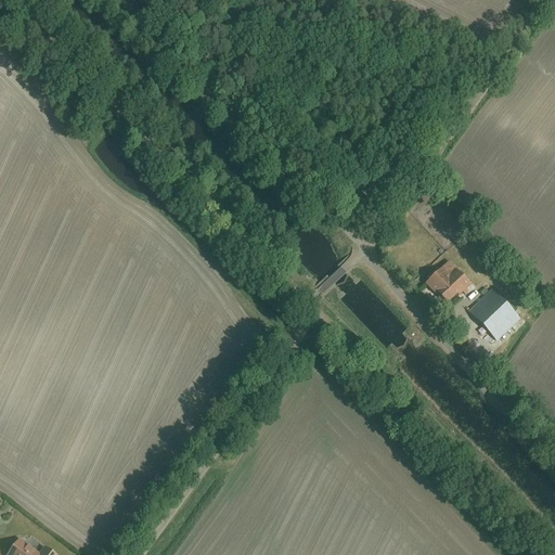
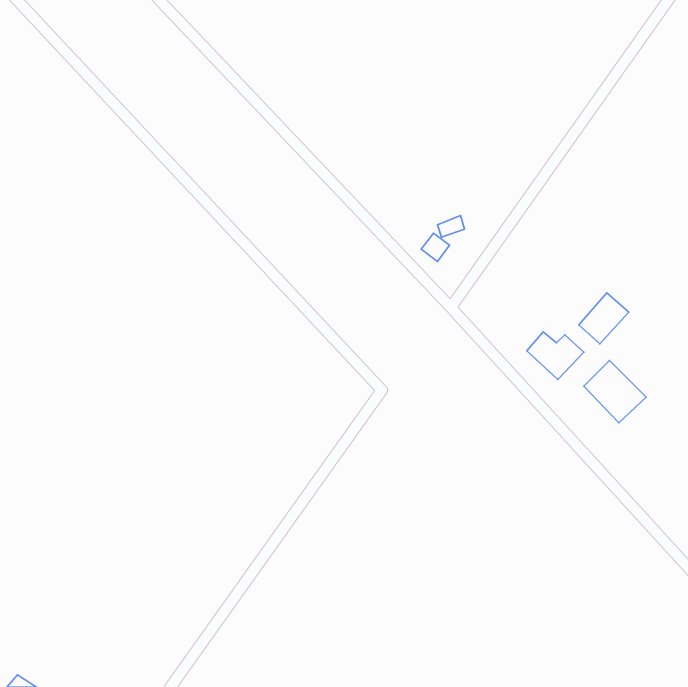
building: none -> [579,293,629,344]

